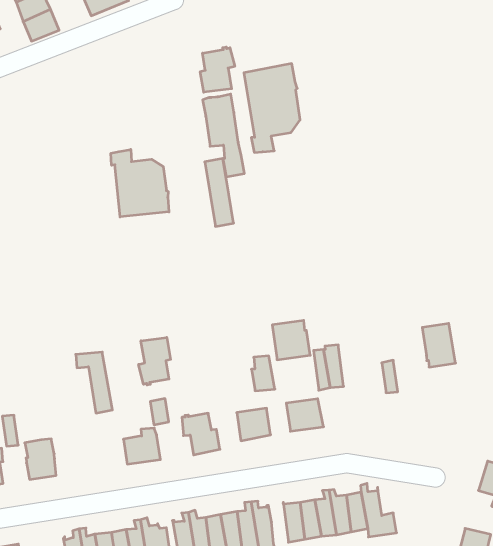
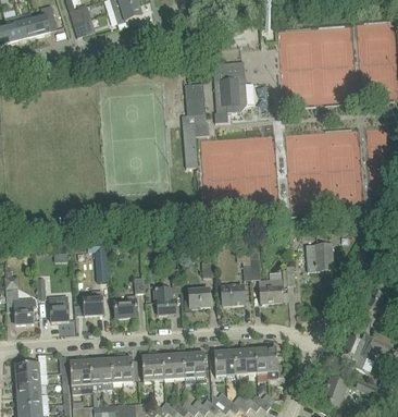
building: [200,47,235,92] -> none
building: [111,149,169,217] -> none
building: [272,320,310,360] -> [260,278,283,302]
building: [139,337,171,385] -> none
building: none -> [74,289,103,314]

